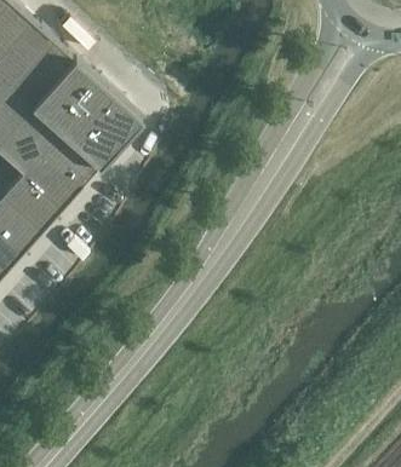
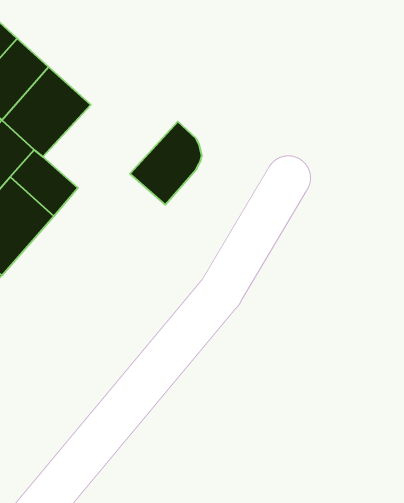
building: [69,94,131,166] -> [130,122,202,205]

